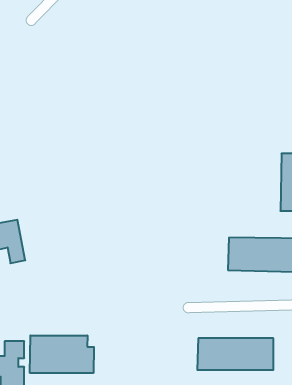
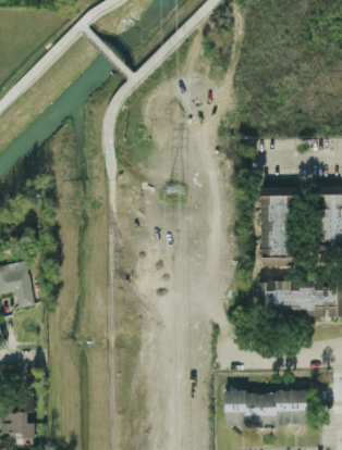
building: none -> [260,187,296,265]
building: [30,335,94,373] -> none

